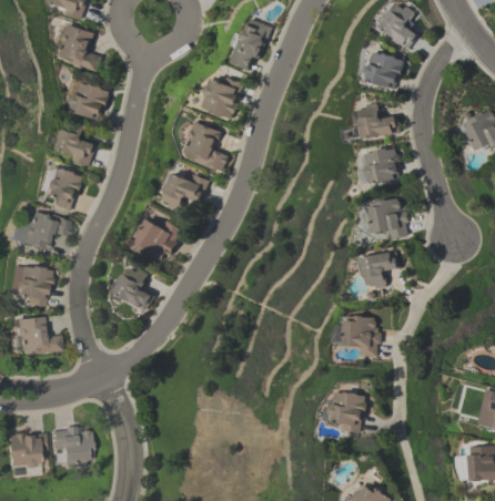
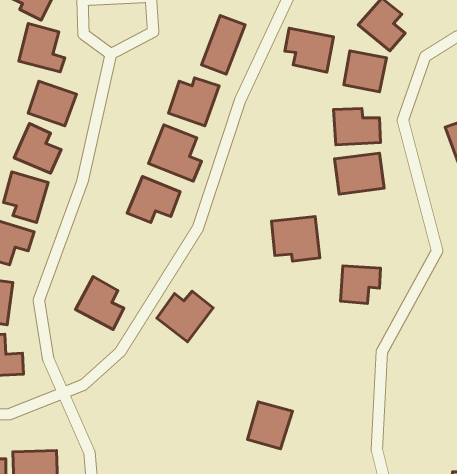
building: none -> [285,28,334,72]
building: [362,197,407,239] -> [271,217,320,261]
building: [132,217,185,265] -> [157,291,213,342]
building: [337,316,377,357] -> none
building: [326,389,368,433] -> [248,402,292,449]

